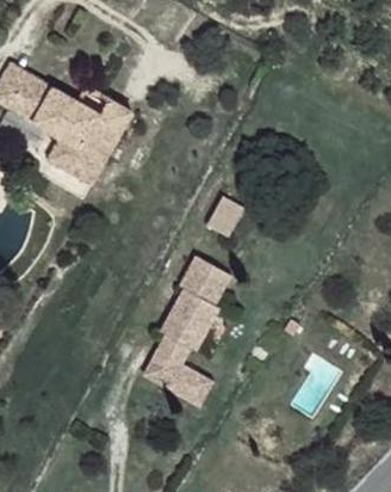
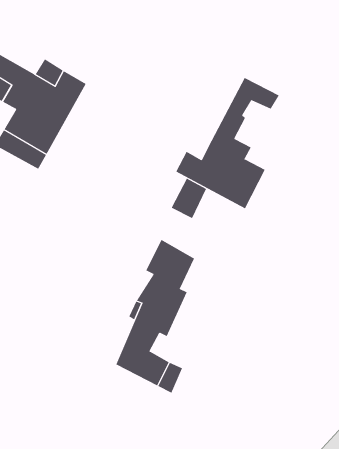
building: none -> [176,77,279,209]

